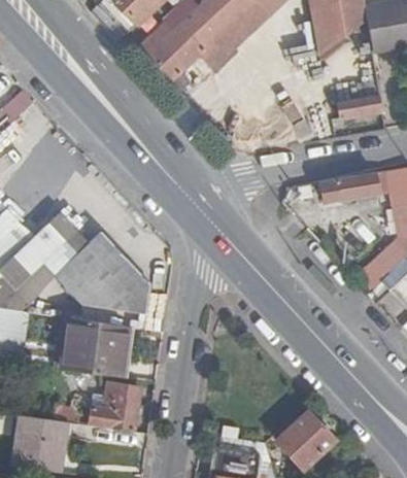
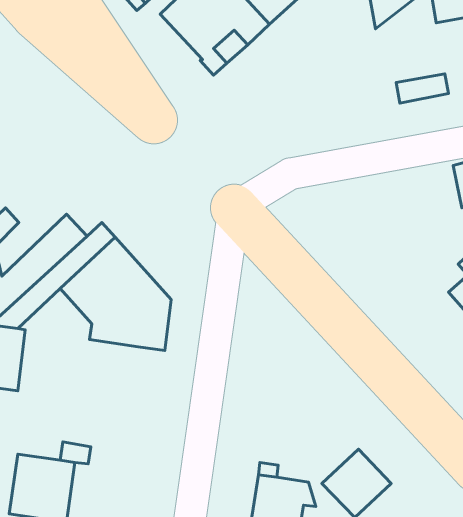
building: [321,171,389,201] -> none
building: [47,314,126,377] -> none
building: [89,383,139,432] -> none

